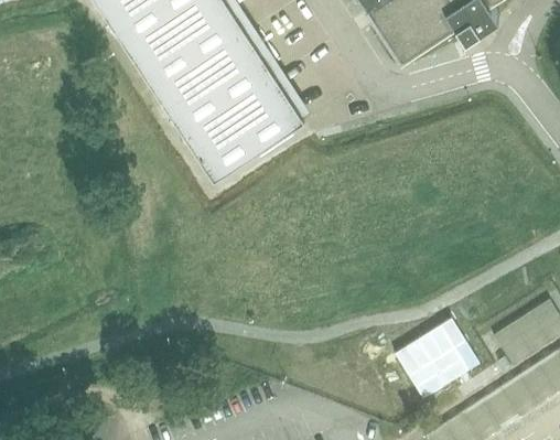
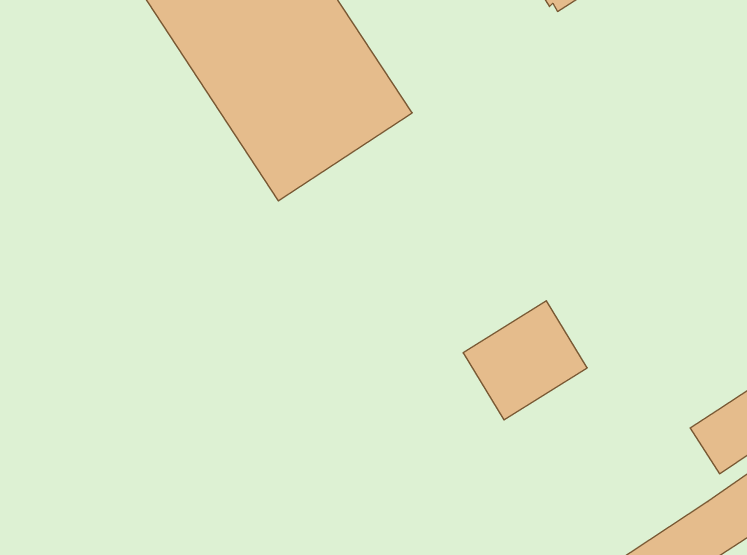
building: [396,318,480,398] -> [463,301,587,420]

